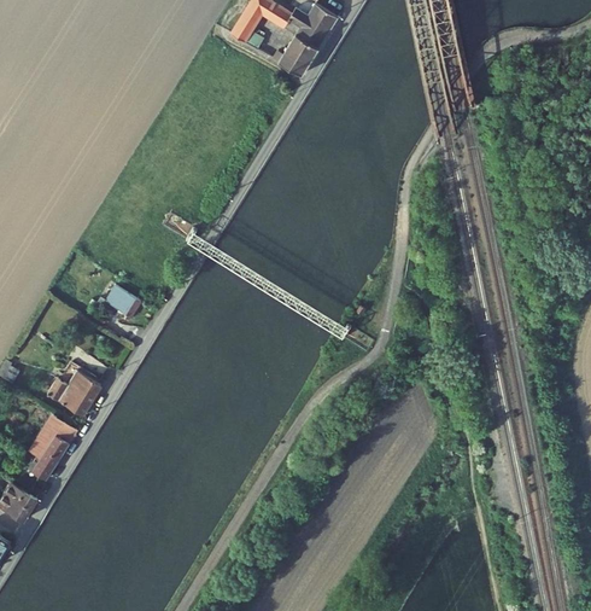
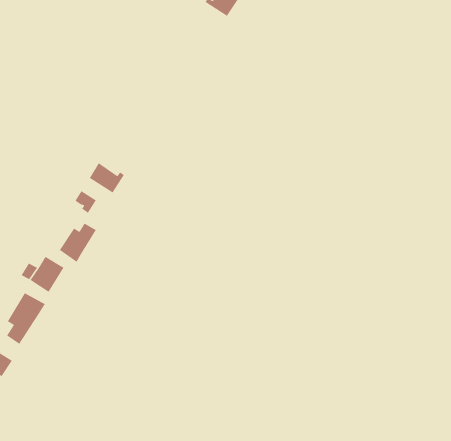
building: none -> [89,162,125,194]
building: none -> [59,222,97,263]

